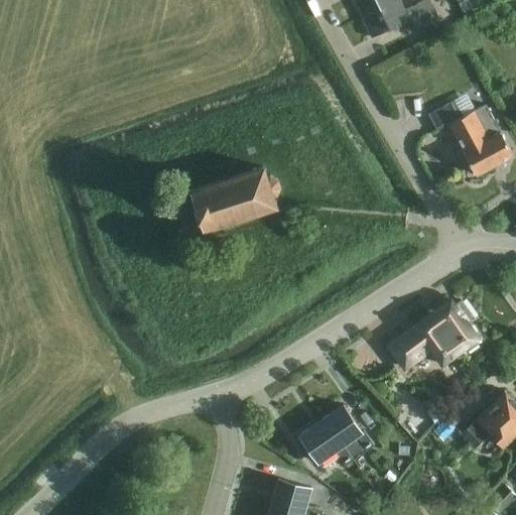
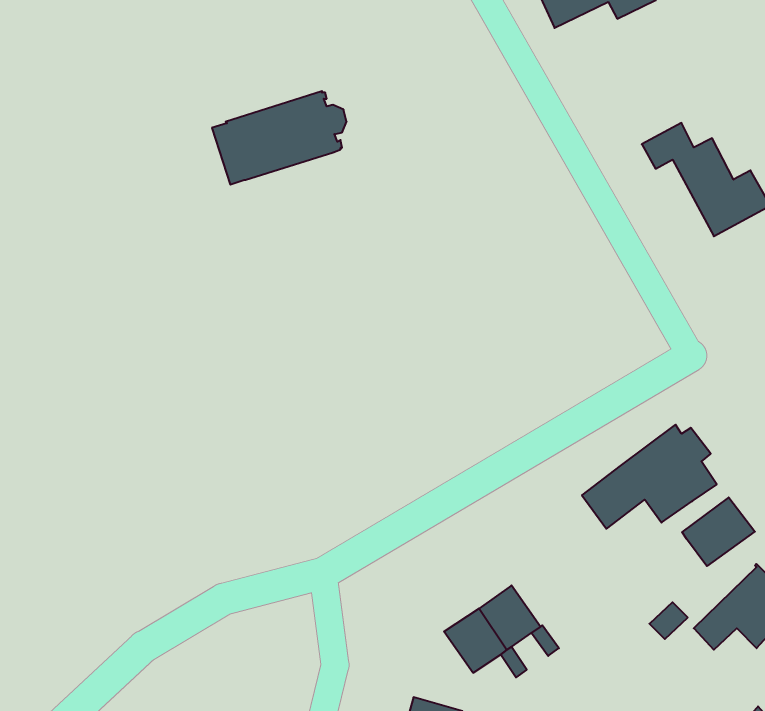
building: [190,168,279,230] -> [212,91,347,185]
building: none -> [682,497,755,566]

